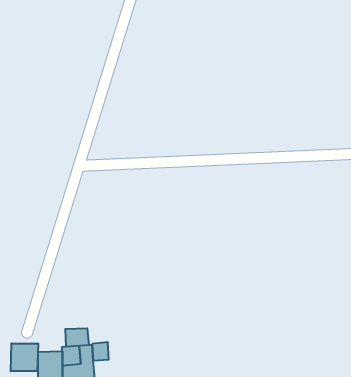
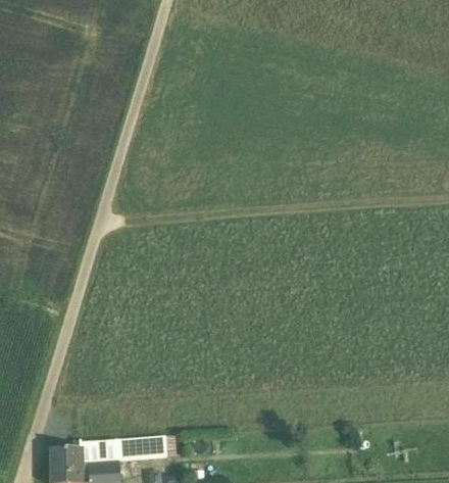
building: [65,328,89,347] -> [137,435,166,457]
building: [11,343,38,371] -> none

